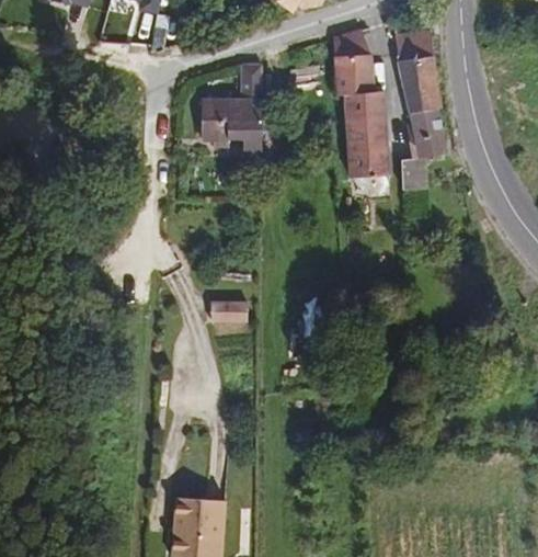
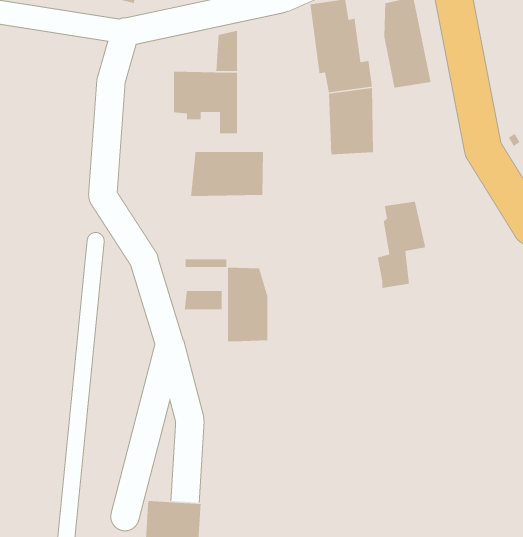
building: [400,109,446,191] -> [377,201,426,289]
building: none -> [190,151,264,197]
building: none -> [227,267,268,342]

